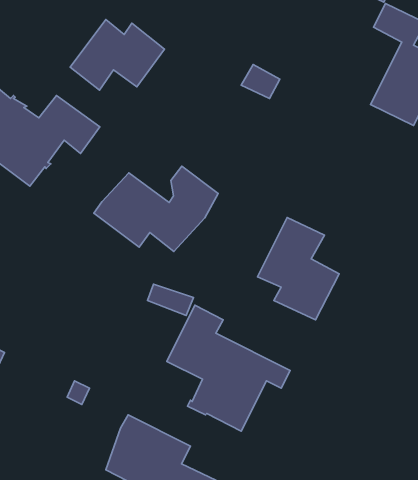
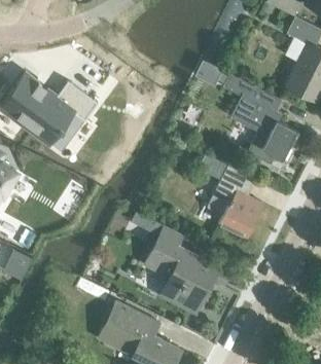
building: [70,19,165,90] -> none
building: none -> [223,74,299,167]
building: [94,166,218,251] -> none

